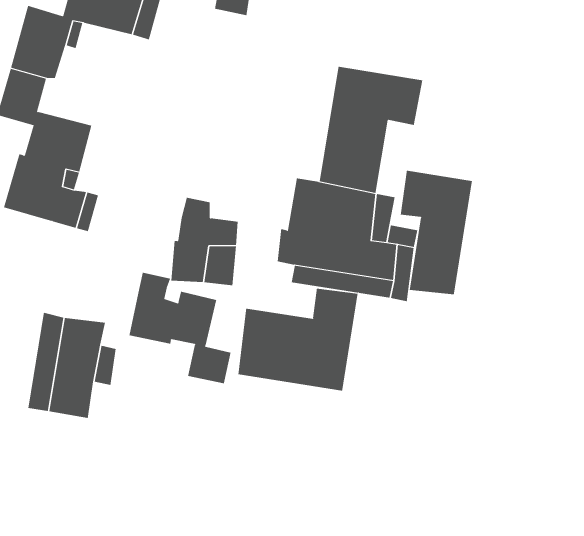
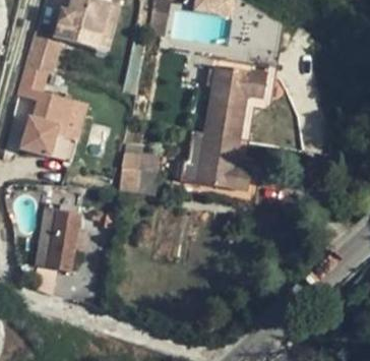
building: [400,170,472,295] -> none
building: [129,272,231,384] -> none
building: [238,288,358,391] -> none

